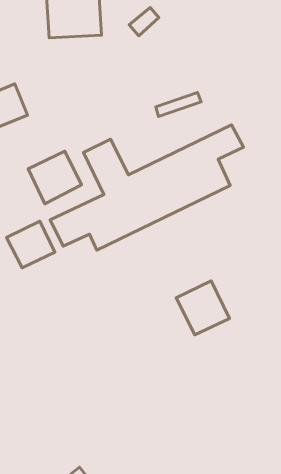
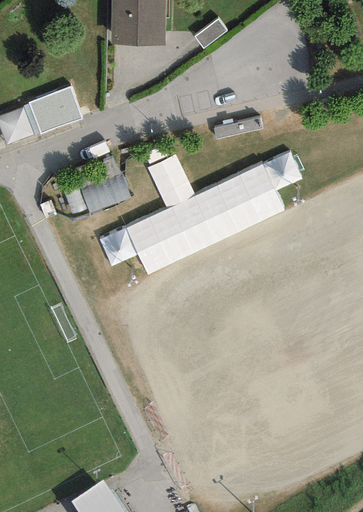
building: [7,221,55,268] -> none
building: [176,281,229,335] -> none

